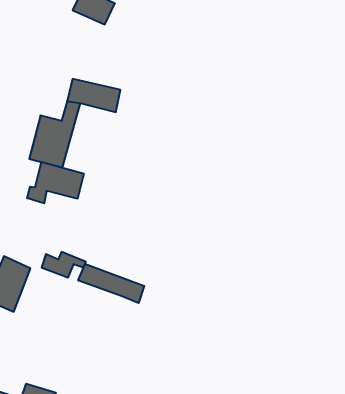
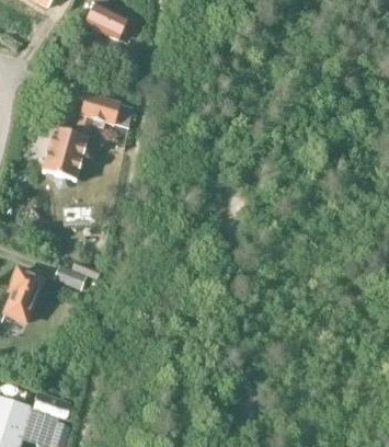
building: [27,162,84,203] -> none
building: [78,264,144,303] -> none

